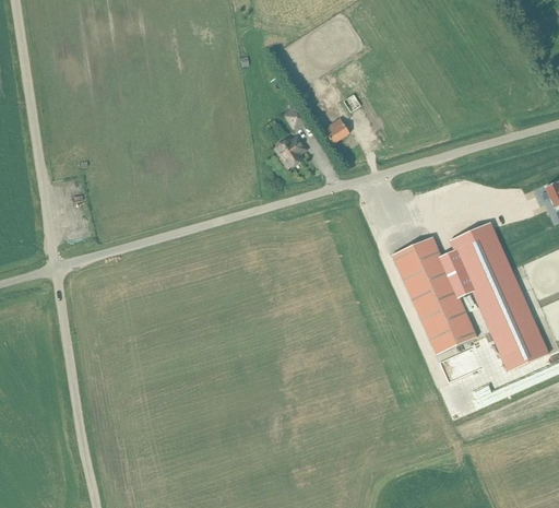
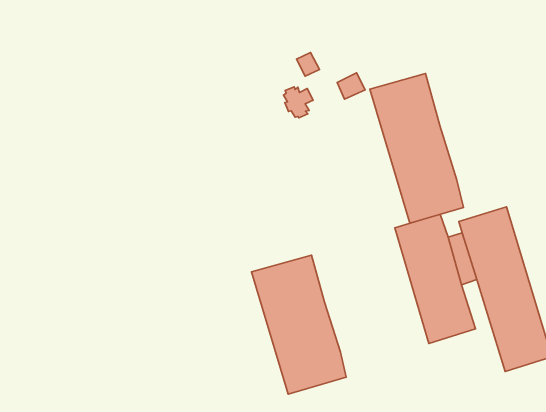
building: none -> [370,74,463,223]
building: none -> [251,255,346,394]

